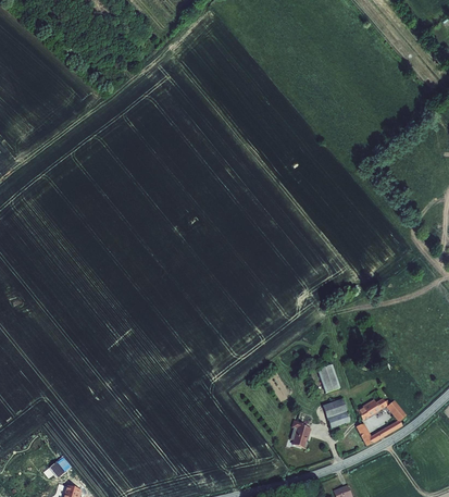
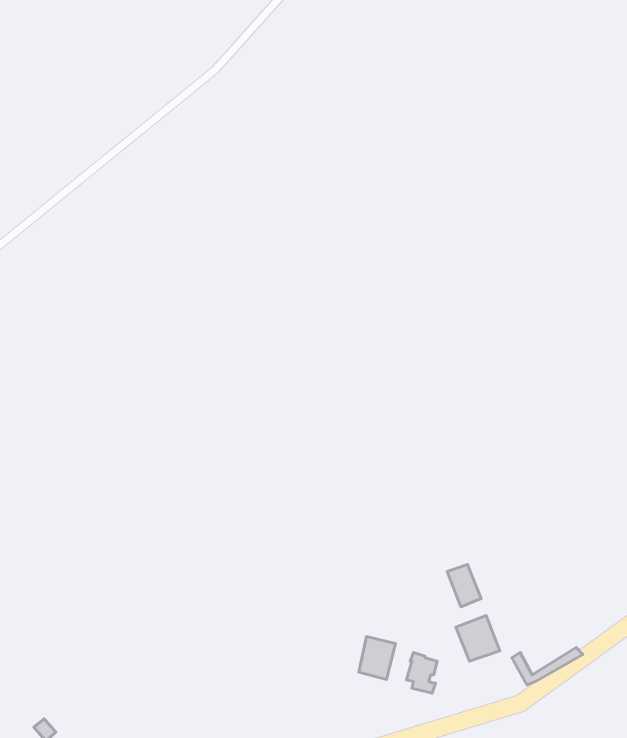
building: [358,397,408,419] -> none
building: none -> [359,636,396,680]

